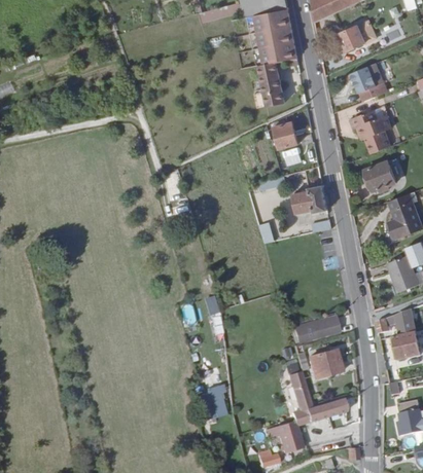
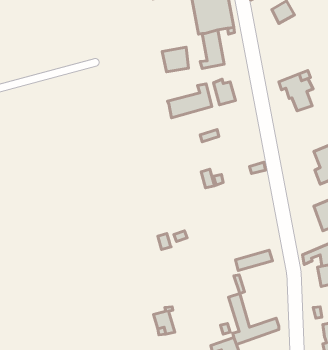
building: [351,62,387,100] -> none
building: none -> [162,47,189,72]
building: none -> [168,84,212,118]
building: [364,159,395,191] -> none
building: [291,181,327,210] -> none
building: [310,349,343,377] -> none

